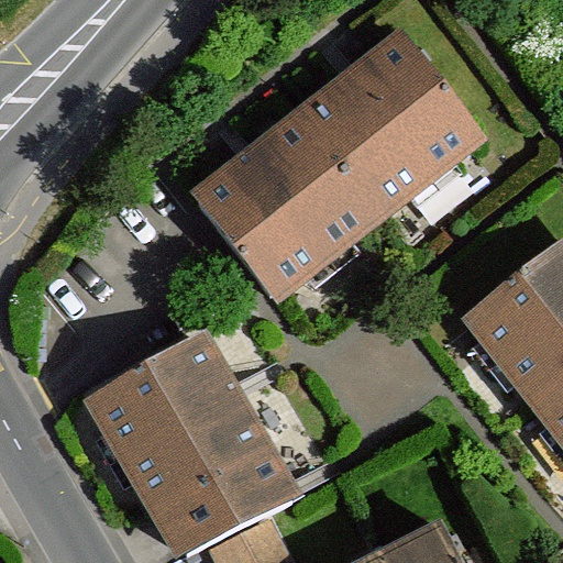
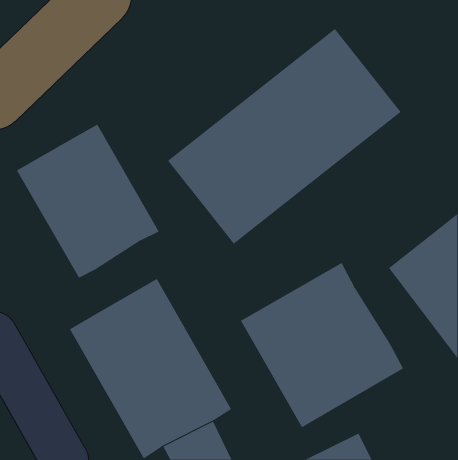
building: none -> [16,124,159,278]
building: none -> [240,262,404,428]

